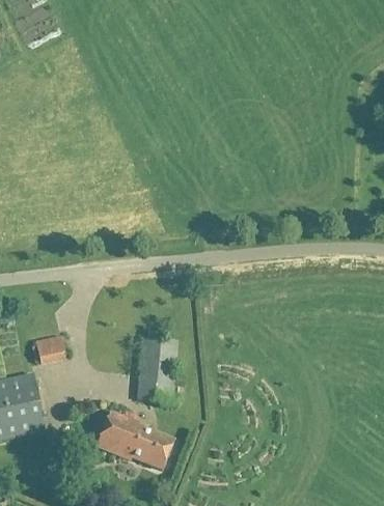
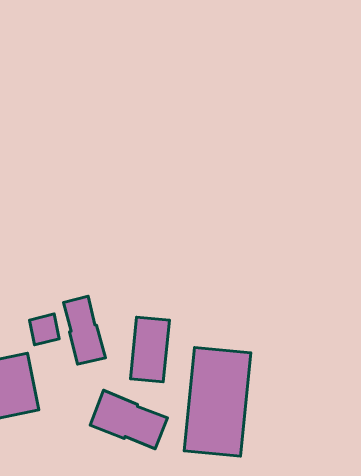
building: none -> [63,296,105,364]
building: none -> [184,347,251,456]

